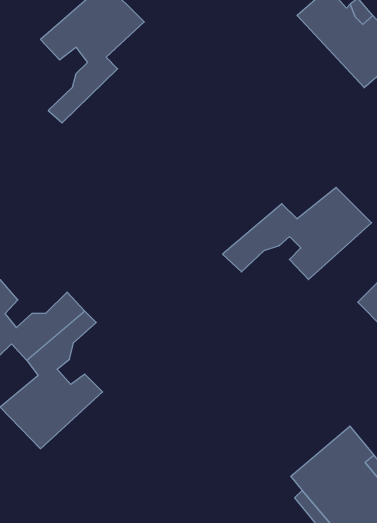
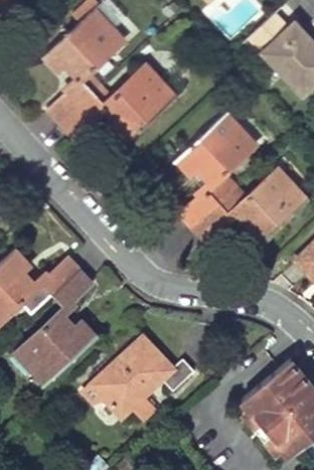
building: none -> [61,65,177,145]
building: none -> [177,113,258,225]
building: none -> [85,338,195,422]

